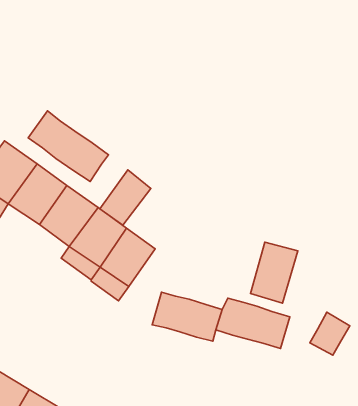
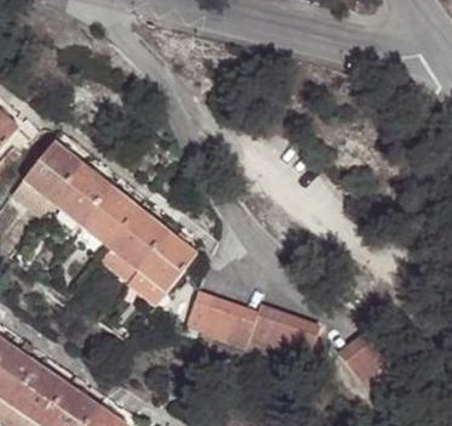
building: [28,111,108,182] -> none
building: [100,170,151,225] -> none
building: [250,242,298,303] -> none

